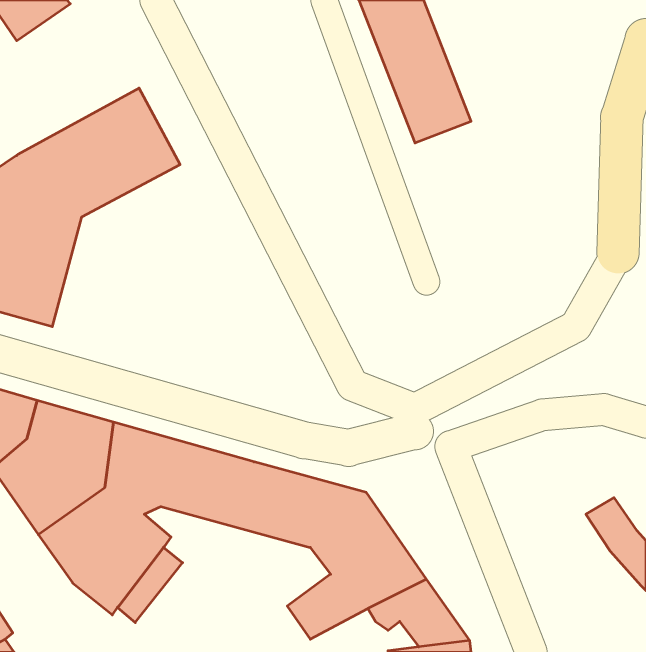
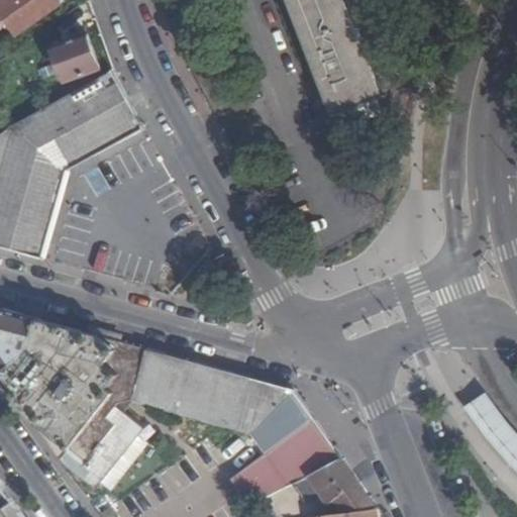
building: none -> [49,34,96,79]

